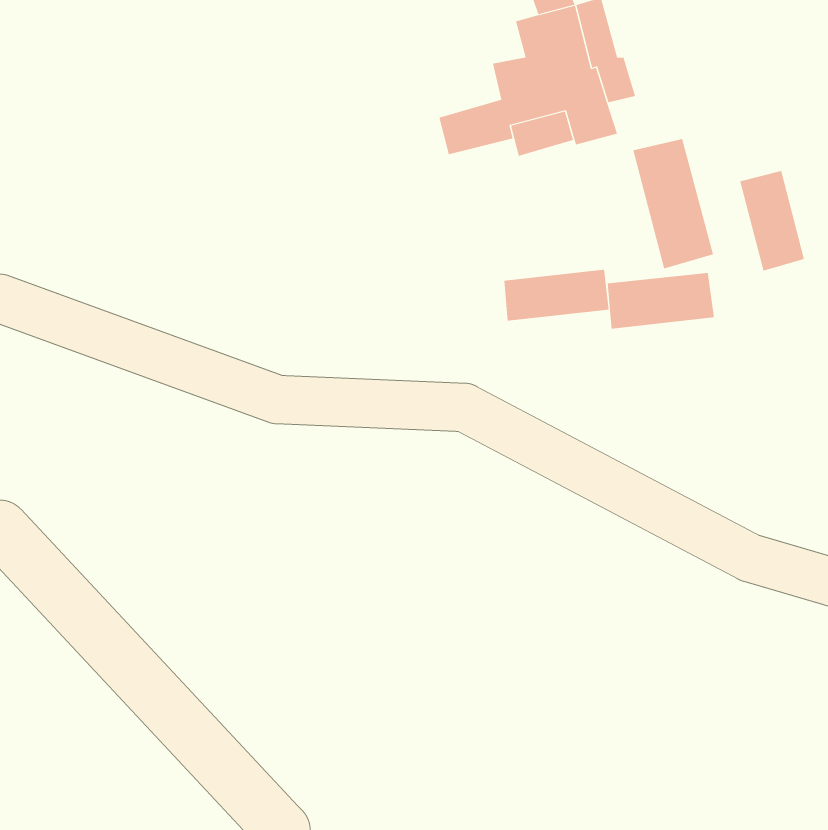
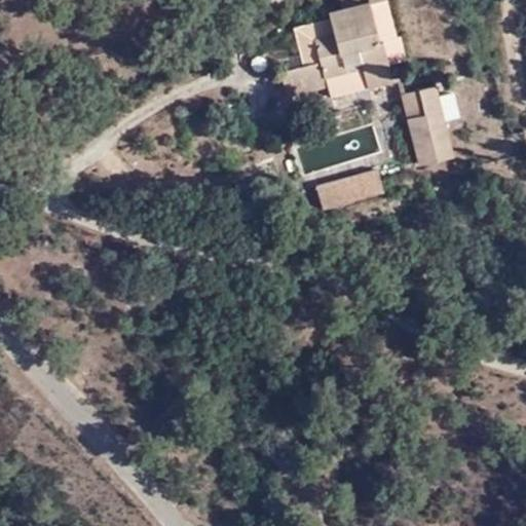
building: [740,170,805,271] -> none
building: [607,272,715,329] -> none

